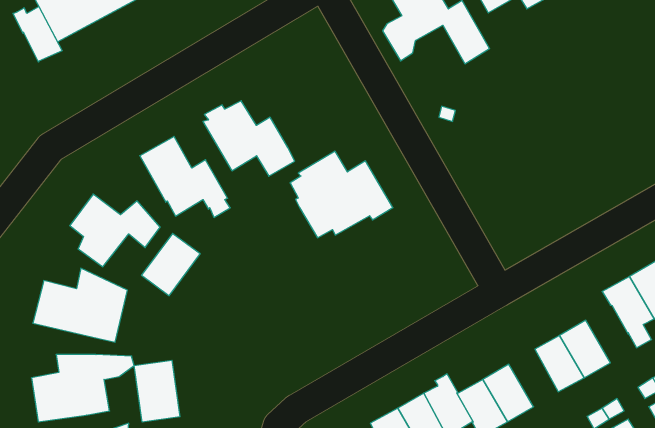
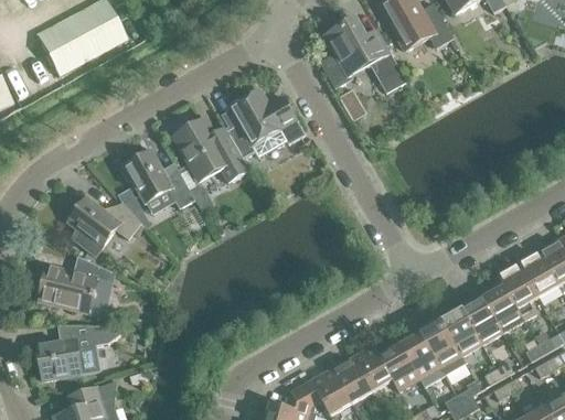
building: [13,7,62,62] -> none
building: [290,151,393,238] -> [221,89,303,159]
building: [142,233,200,296] -> none
building: none -> [482,286,523,332]
building: none -> [420,321,463,371]
building: [134,360,180,422] -> none

